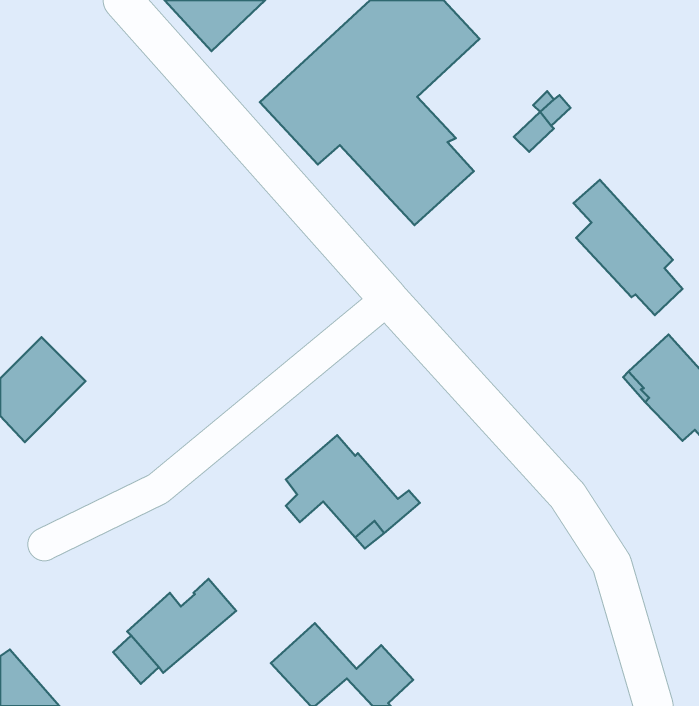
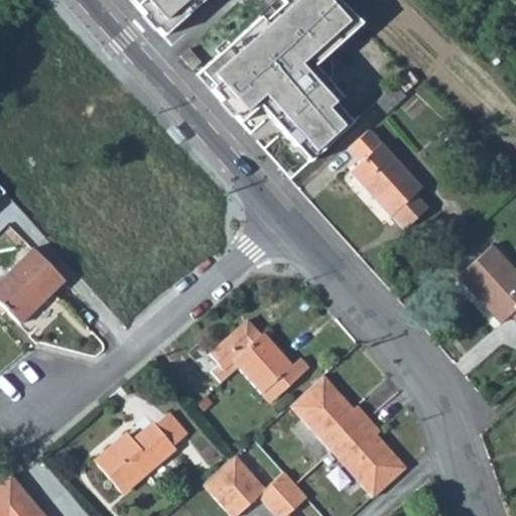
building: [573,180,683,315] -> [350,129,429,228]
building: none -> [290,375,406,496]

